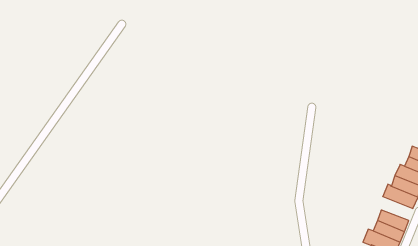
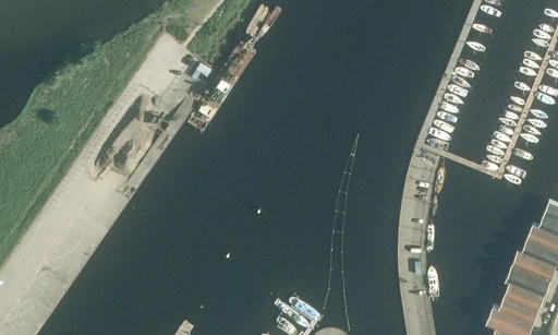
building: none -> [505,266,548,297]

